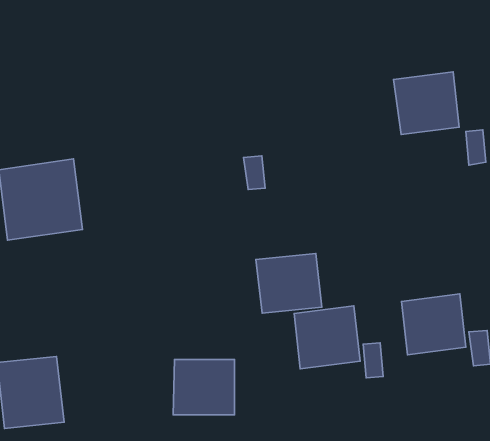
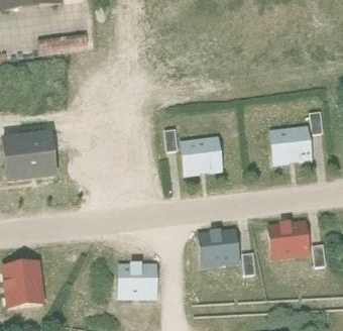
building: [393,72,459,135] -> [268,124,312,165]
building: [256,254,322,313] -> [180,136,223,176]

